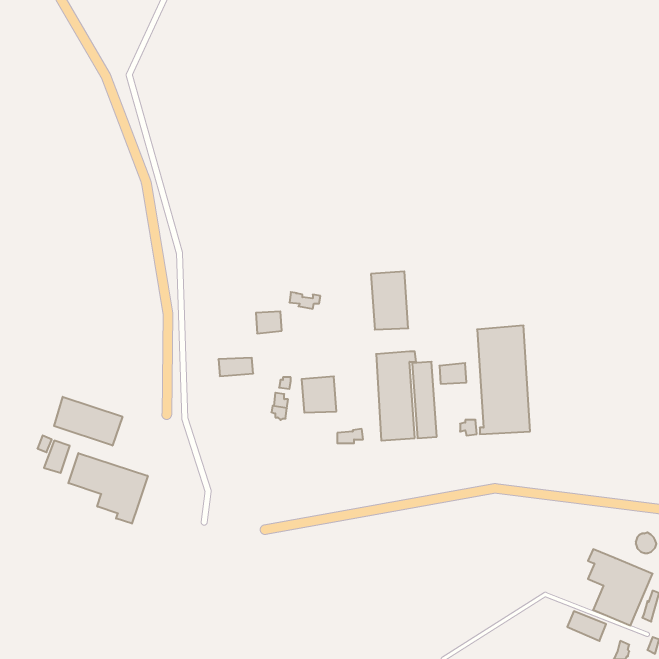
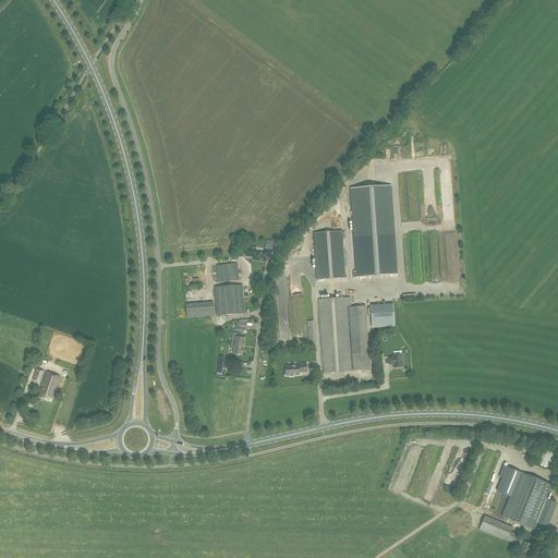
building: [477,326,530,434] -> [351,184,396,276]
building: [302,376,336,413] -> [214,283,243,314]
building: [54,397,122,446] -> none
building: [68,453,148,524] -> none

